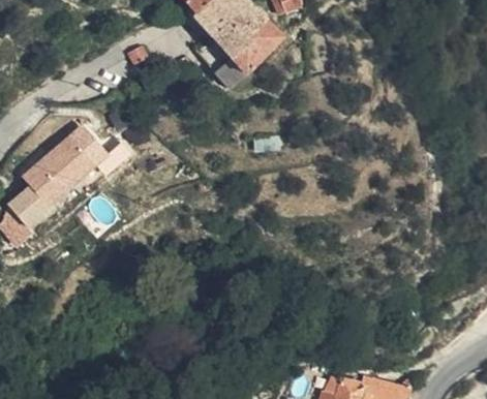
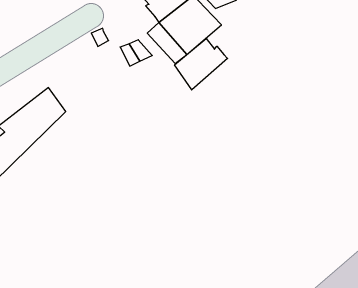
building: none -> [175,39,228,90]

